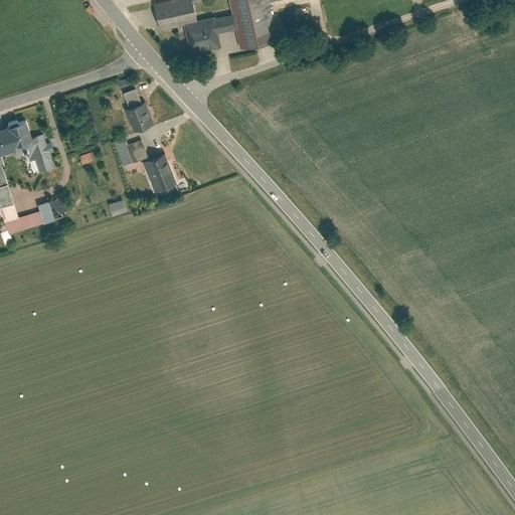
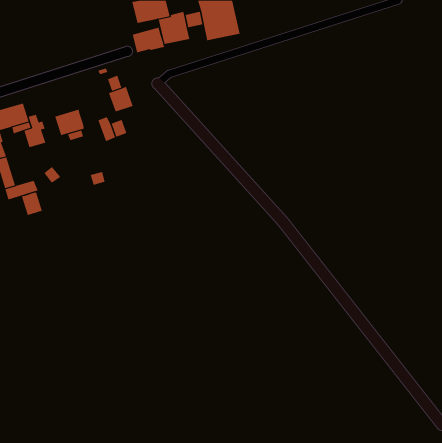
building: none -> [132,27,165,53]
building: none -> [55,109,84,136]
building: [141,153,177,193] -> none
building: none -> [21,192,42,216]

